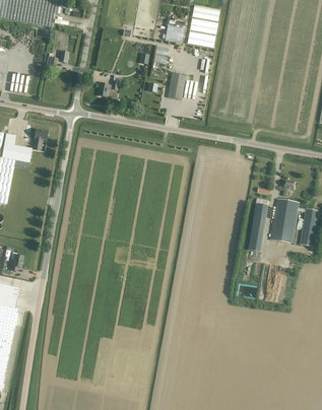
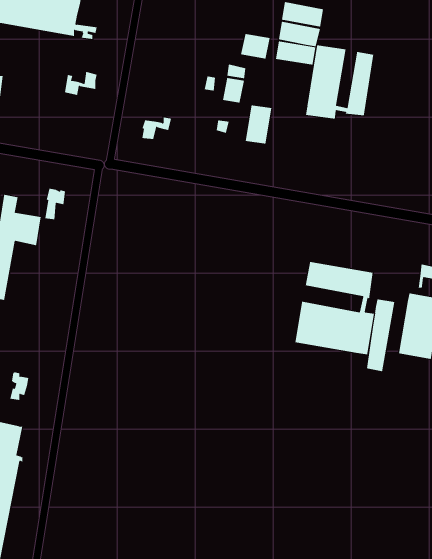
building: none -> [306,44,374,120]
building: none -> [295,261,374,355]

